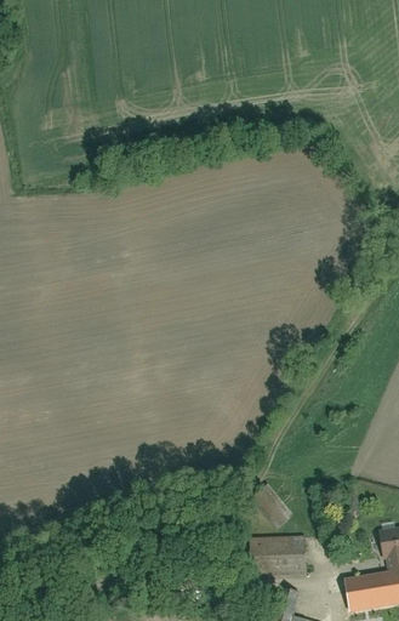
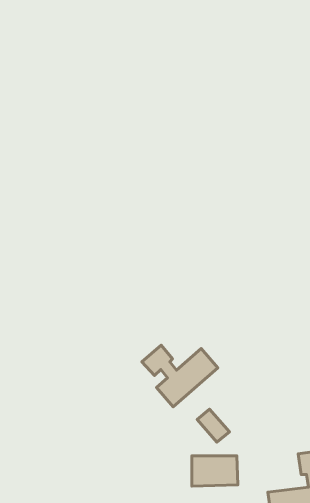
building: none -> [142,345,218,407]

